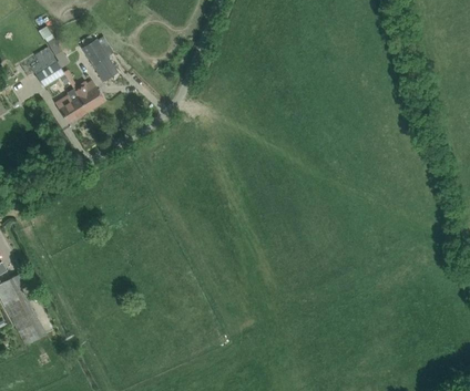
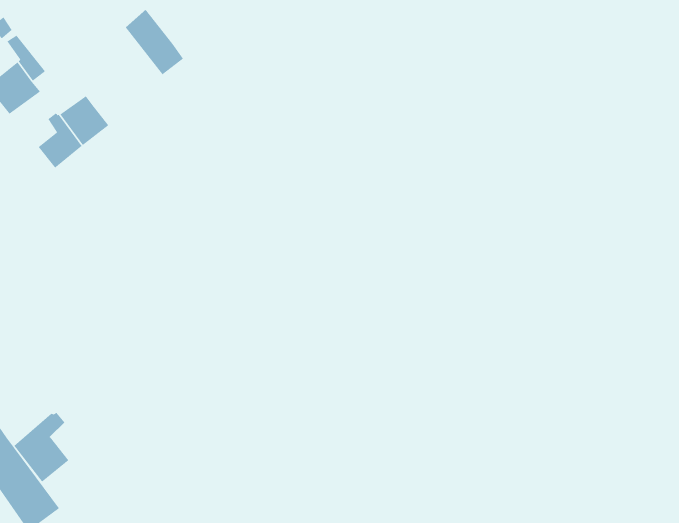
building: [81,38,115,80] -> [125,9,184,75]
building: none -> [13,412,69,482]

